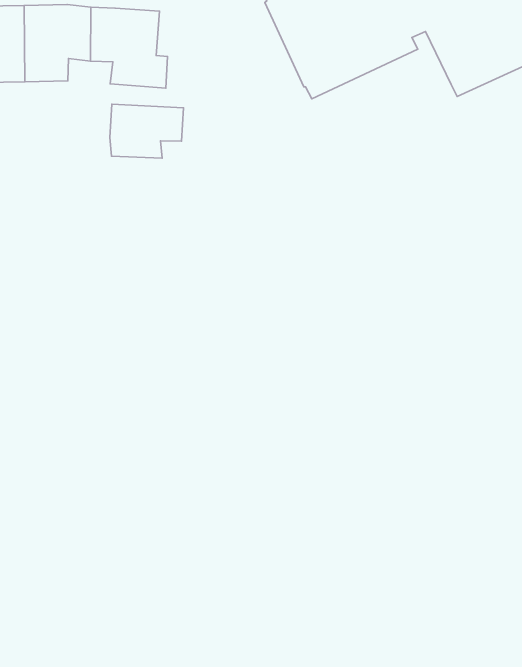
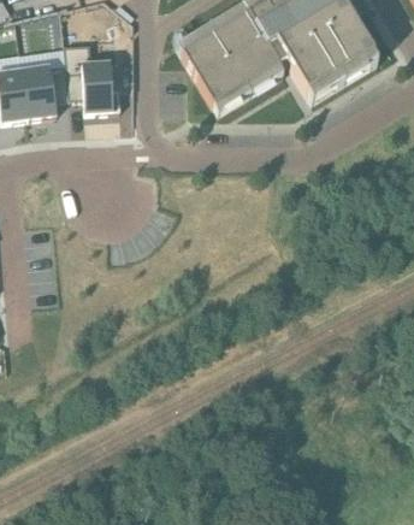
building: [110,104,183,158] -> none

